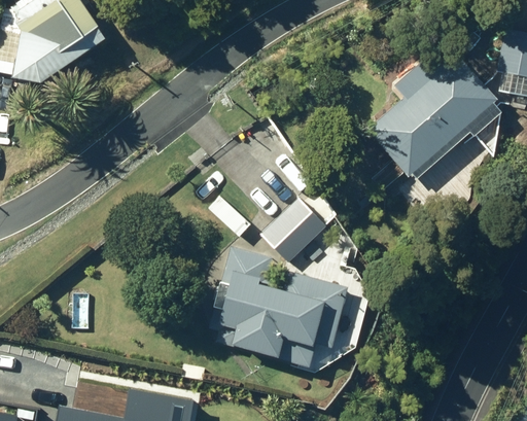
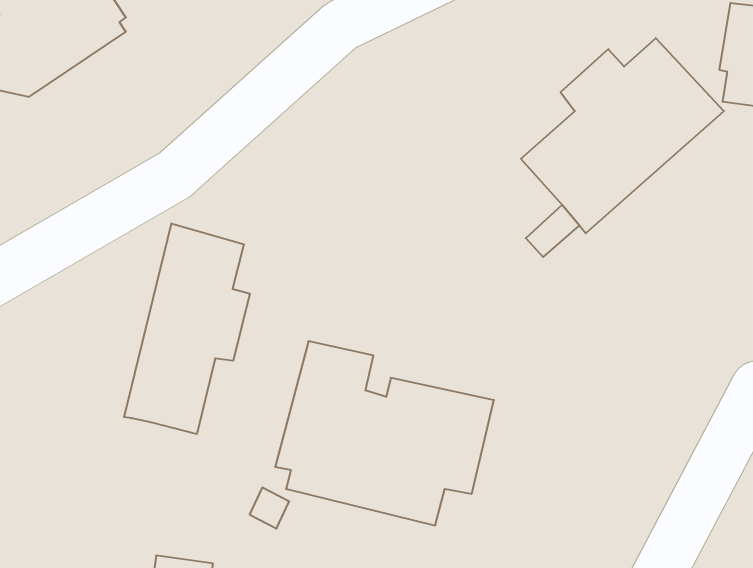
building: none -> [124,223,250,434]
building: [261,200,326,264] -> none

